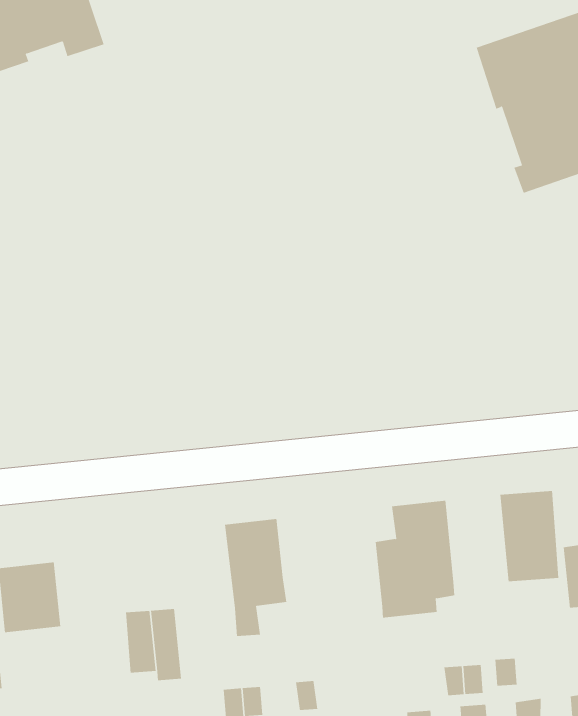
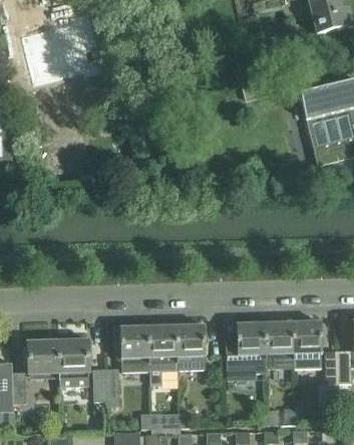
building: none -> [265,321,294,366]
building: none -> [175,324,206,370]
building: none -> [119,326,149,372]
building: none -> [57,340,88,387]

